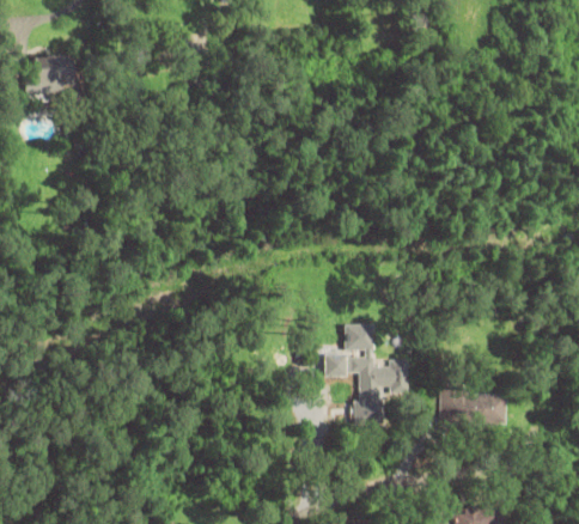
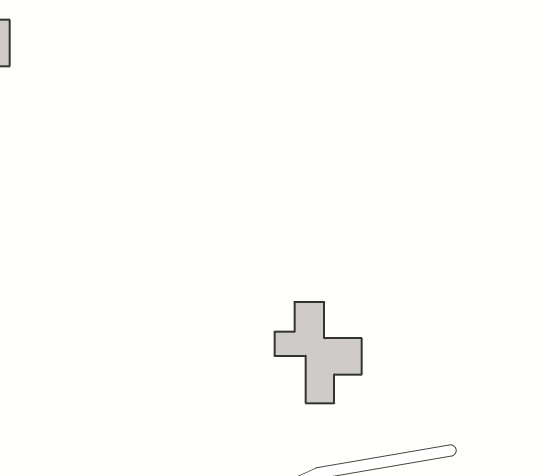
building: [440,394,504,425] -> none

